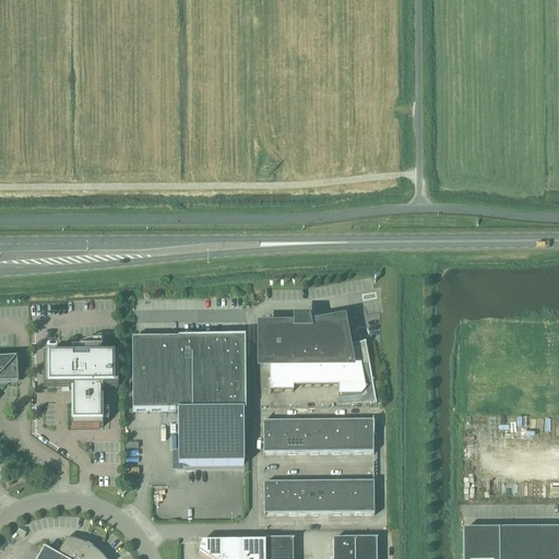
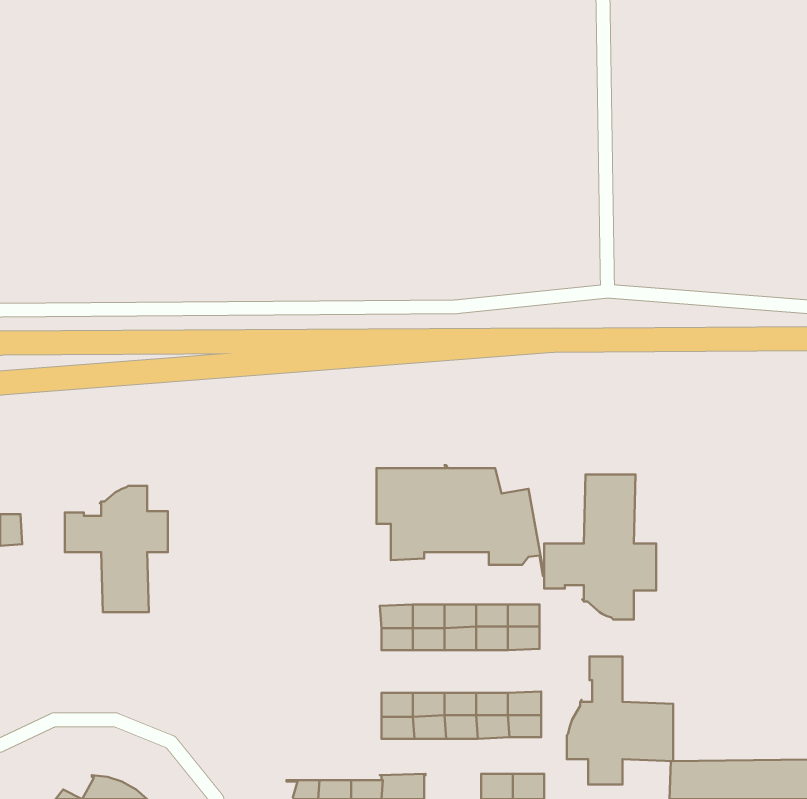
building: none -> [544,474,656,619]
building: [132,333,245,461] -> none
building: none -> [567,657,673,785]

